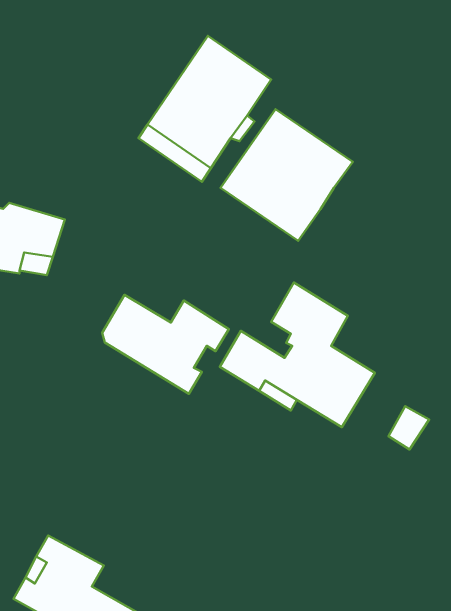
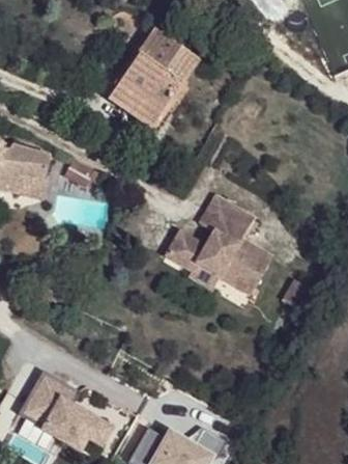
building: [221,109,353,241] -> none
building: [102,295,229,394] -> none

